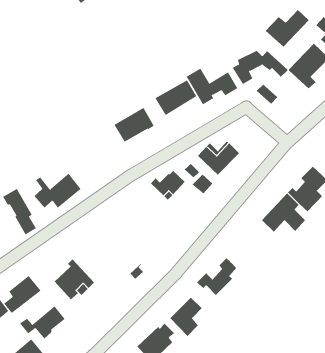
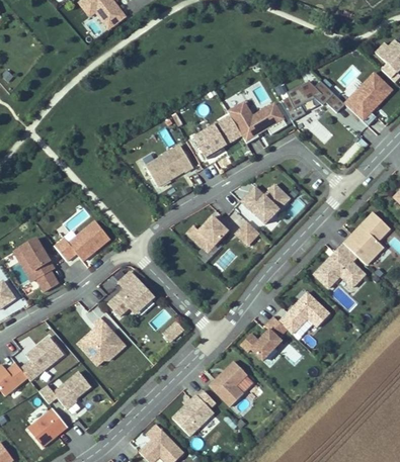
building: [265,9,309,48] -> none
building: none -> [108,271,151,315]
building: none -> [279,292,329,334]

